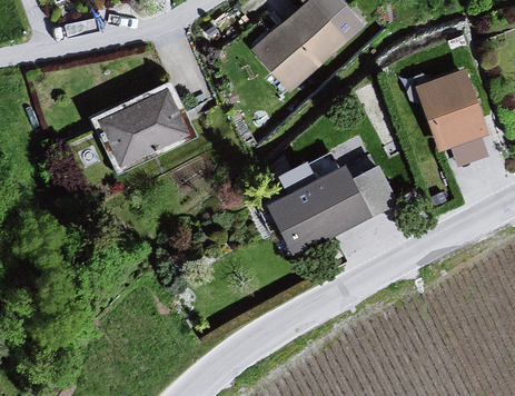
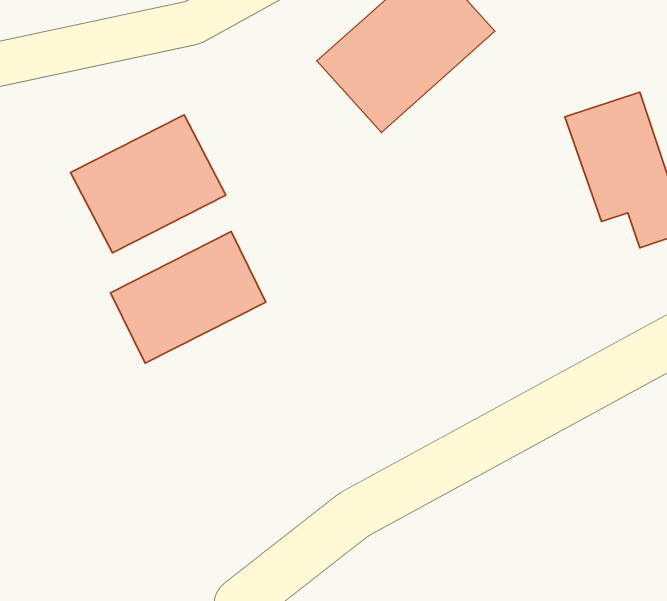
building: none -> [111,232,266,363]
building: [256,157,398,259] -> none

